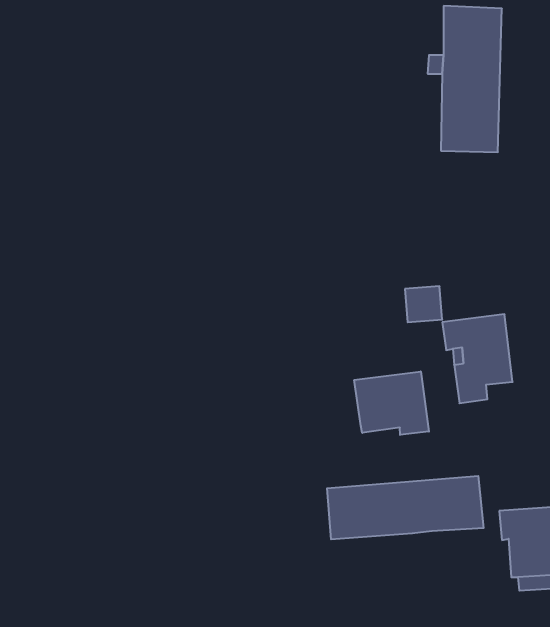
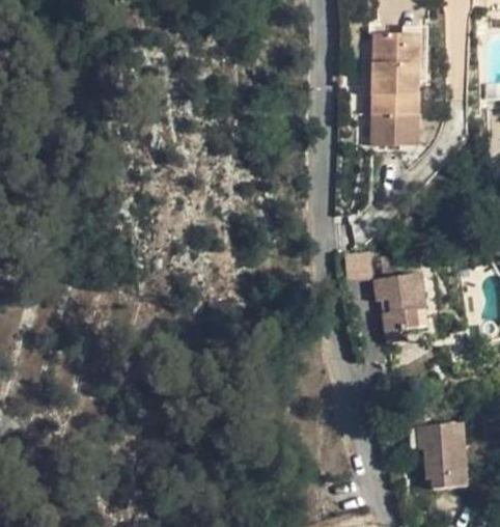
building: [354,371,429,435] -> none
building: [327,476,484,539] -> none

